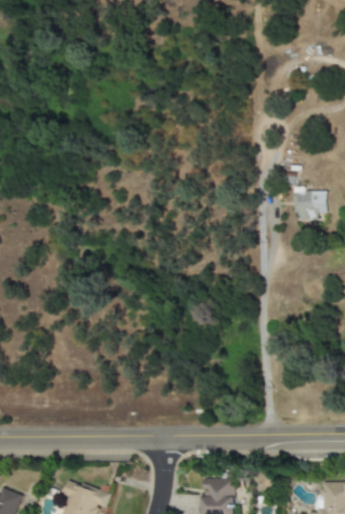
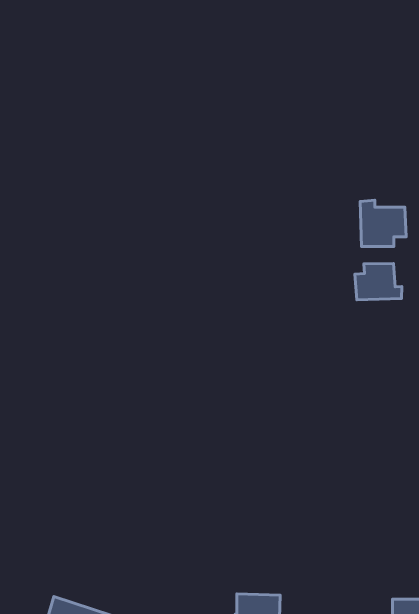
building: none -> [355,263,402,300]

